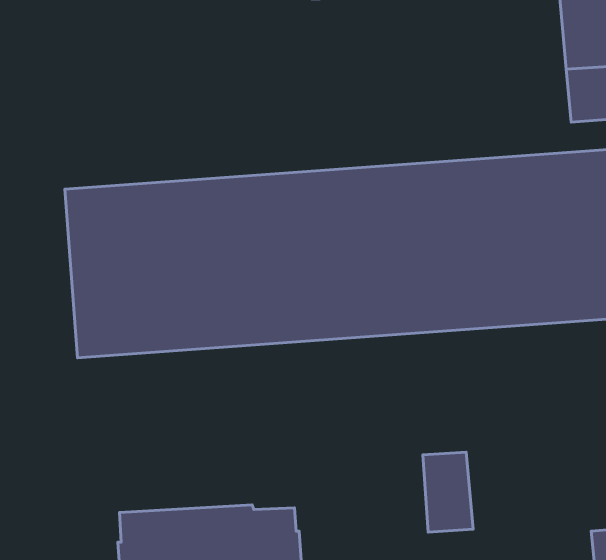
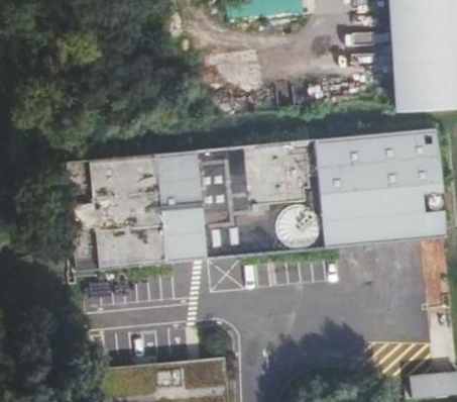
building: [423,452,473,532] -> none

